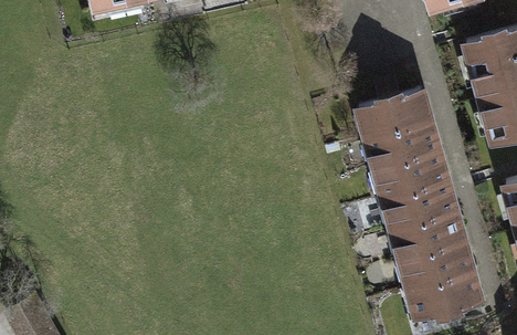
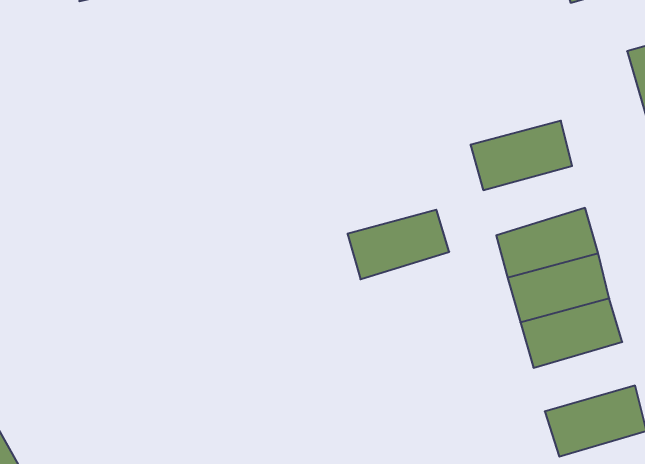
building: [368,122,437,169] -> [347,210,449,279]
building: [402,242,472,290] -> none

